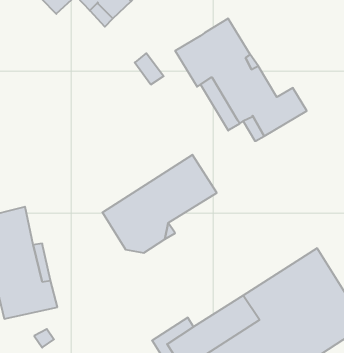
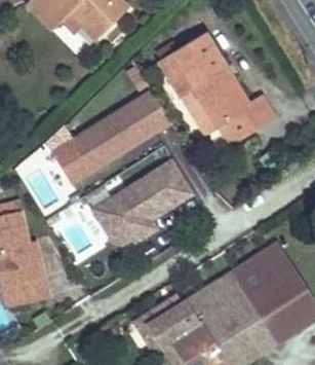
building: none -> [52,88,169,179]

